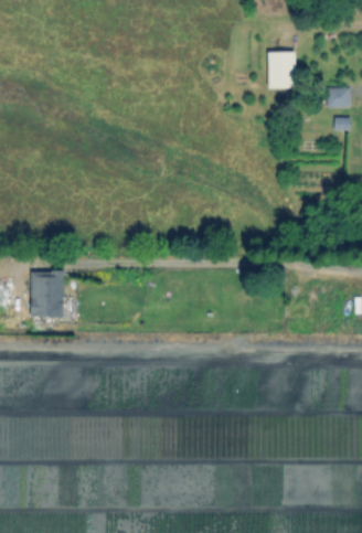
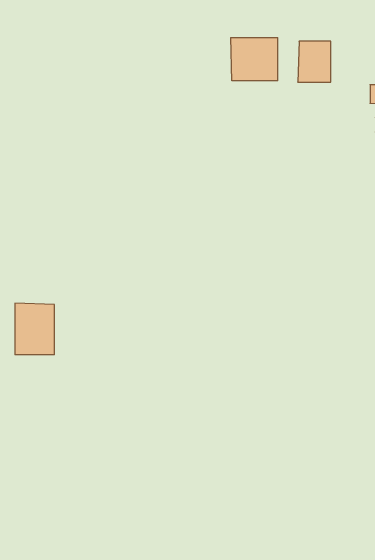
building: none -> [231,38,278,81]

